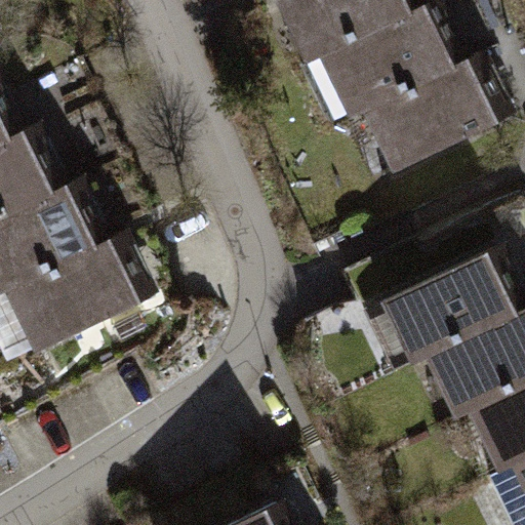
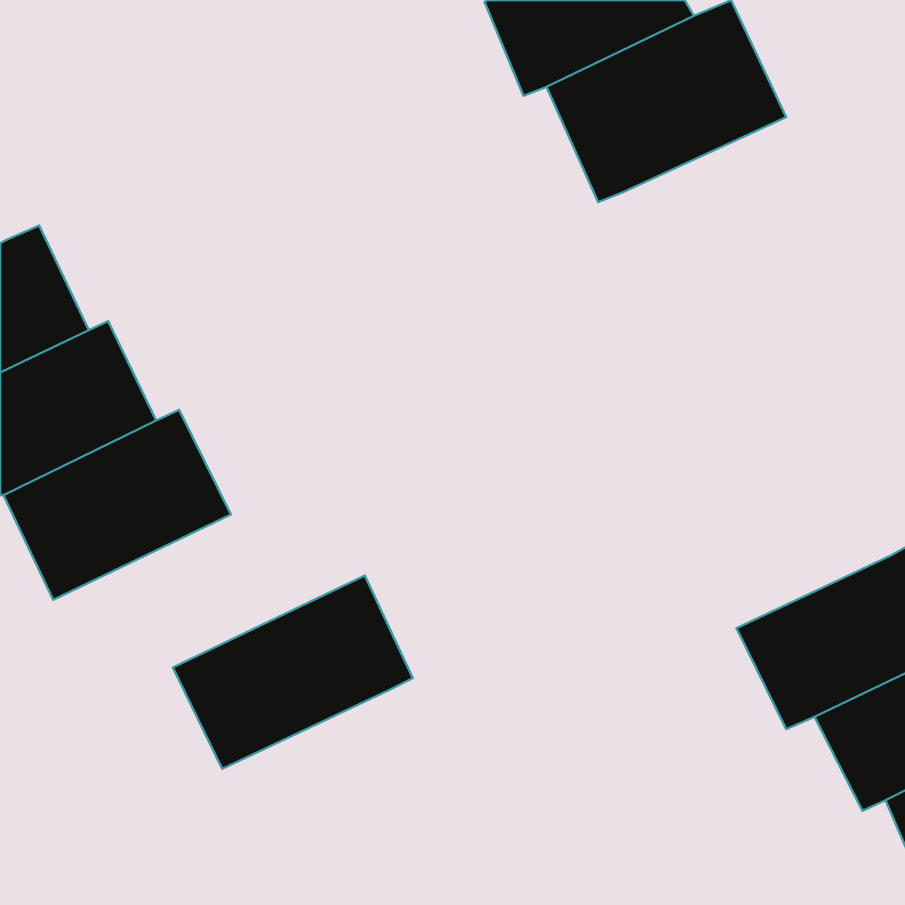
building: [362,63,496,173] -> none
building: [362,250,516,378] -> none
building: none -> [173,575,413,769]

